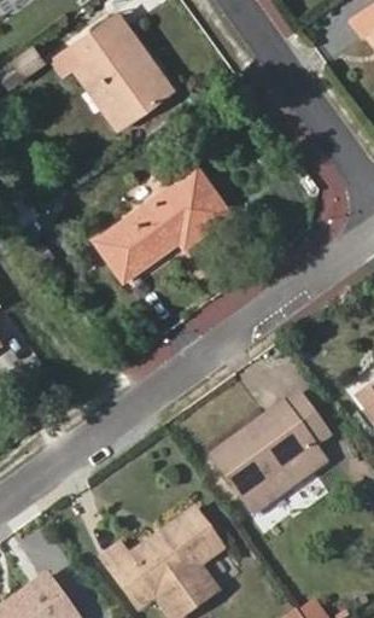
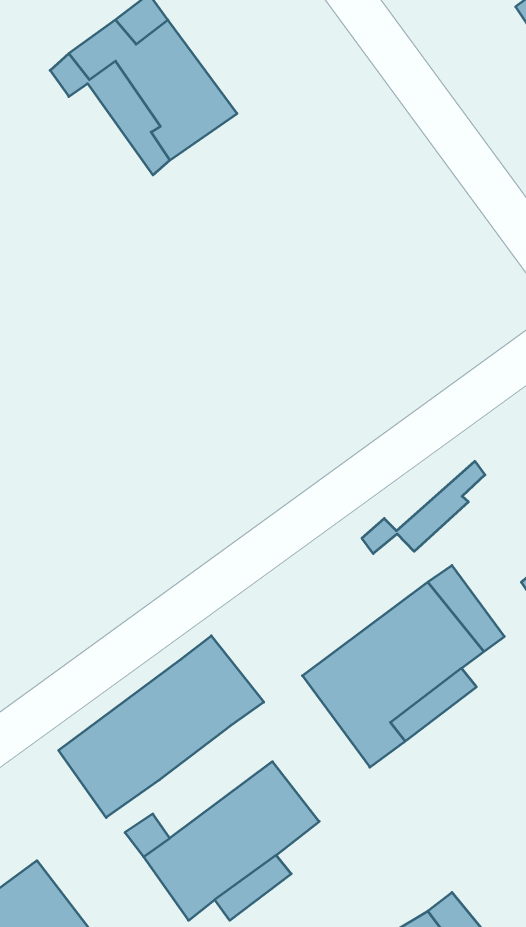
building: [98,169,229,278] -> none
building: none -> [362,461,485,554]
building: none -> [59,636,264,818]

